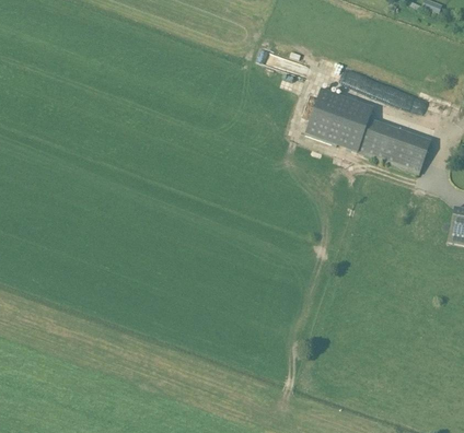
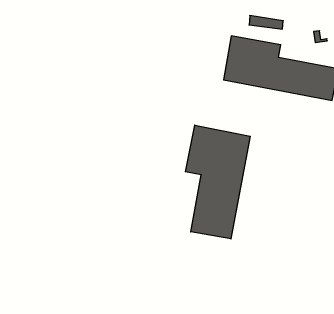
building: none -> [185,125,250,239]

